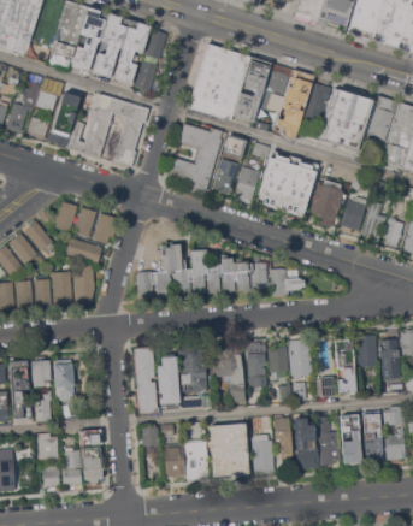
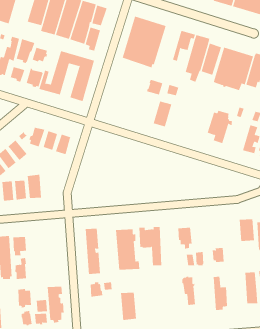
building: [234,58,271,120] -> none
building: [169,123,220,189] -> none
building: [255,149,319,215] -> none
building: [211,158,237,195] -> none
building: [340,195,366,229] -> none
building: [64,236,101,264] -> none
building: [136,243,303,297] -> none
building: [72,268,94,303] -> none
building: [288,338,312,378] -> none
building: [334,338,356,392] -> none
building: [246,341,266,386] -> none
building: [157,353,178,408] -> none
building: [53,361,73,400] -> none
building: [293,412,318,468] -> none
building: [338,414,361,462] -> none
building: [208,422,248,475] -> none
building: [250,429,275,471] -> none
building: [163,443,184,477] -> none

